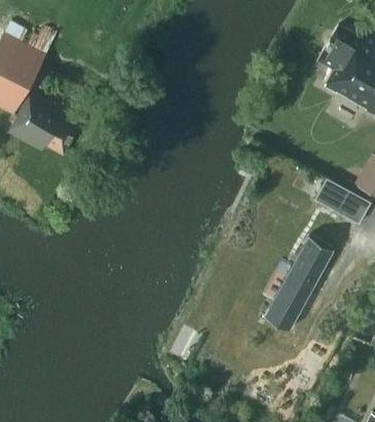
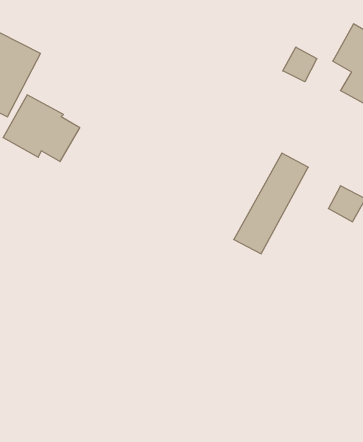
building: none -> [283,47,317,82]
building: [263,236,333,331] -> [234,153,308,254]

